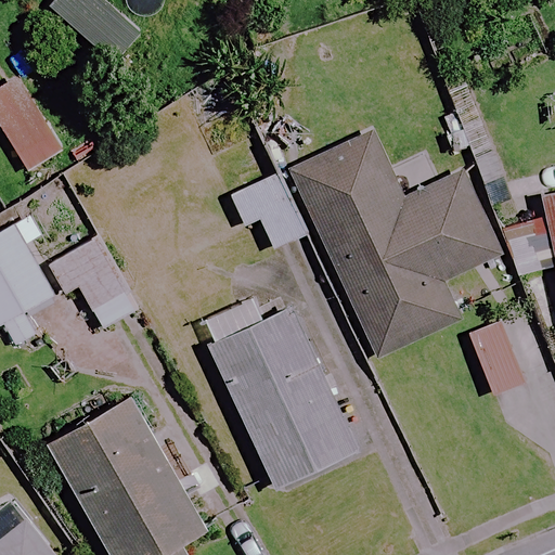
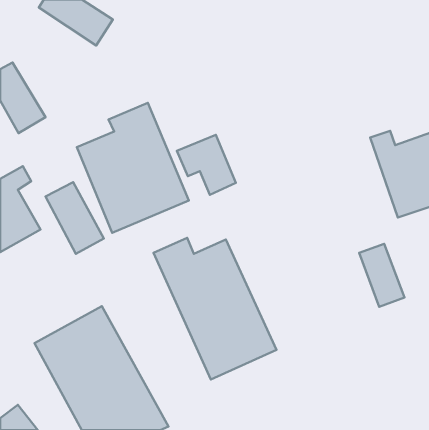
building: none -> [77,103,189,233]
building: [292,135,499,357] -> none

